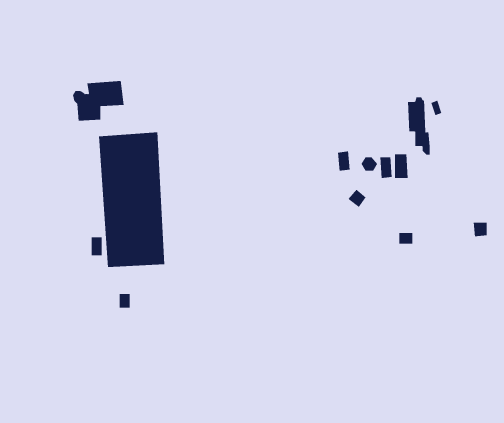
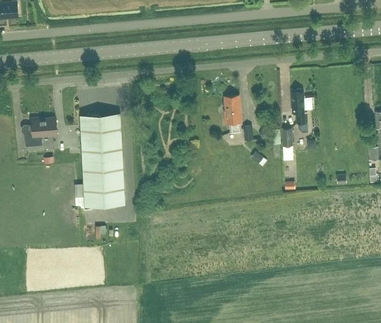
building: [72,80,124,121] -> [21,118,57,146]
building: none -> [224,96,241,133]

